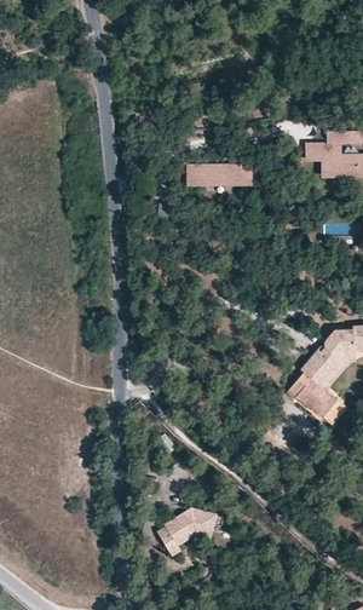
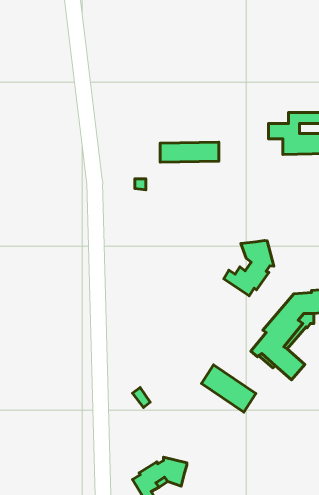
building: none -> [224,240,274,296]
building: none -> [201,365,256,412]

